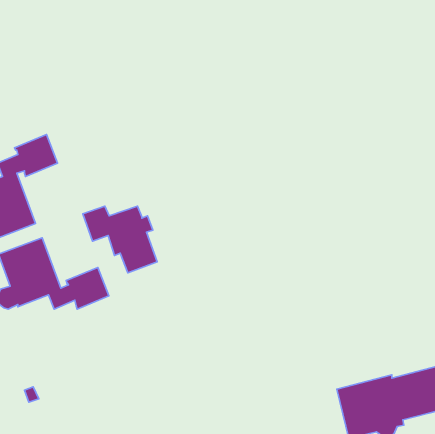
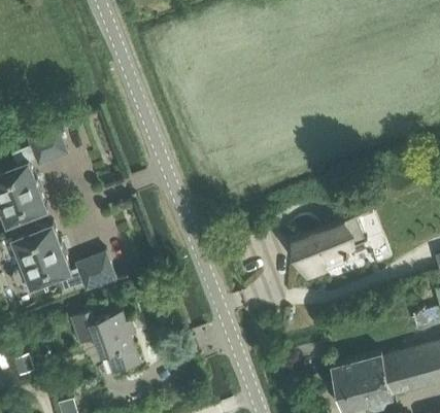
building: [83,206,157,273] -> [70,312,140,375]
building: none -> [293,216,366,279]

